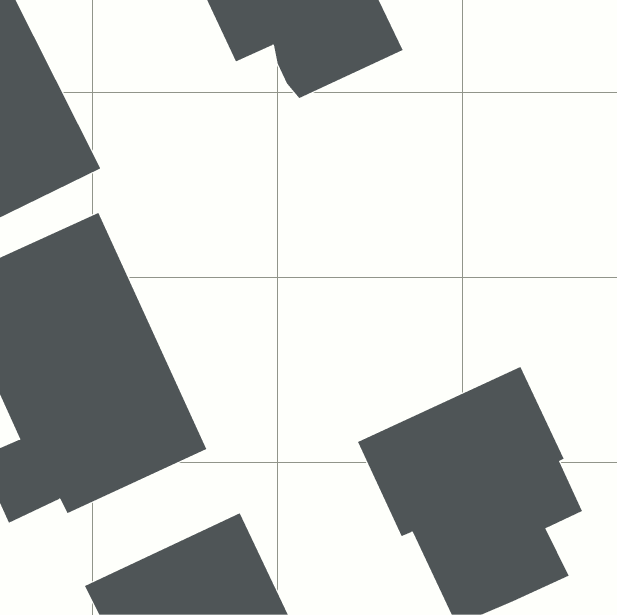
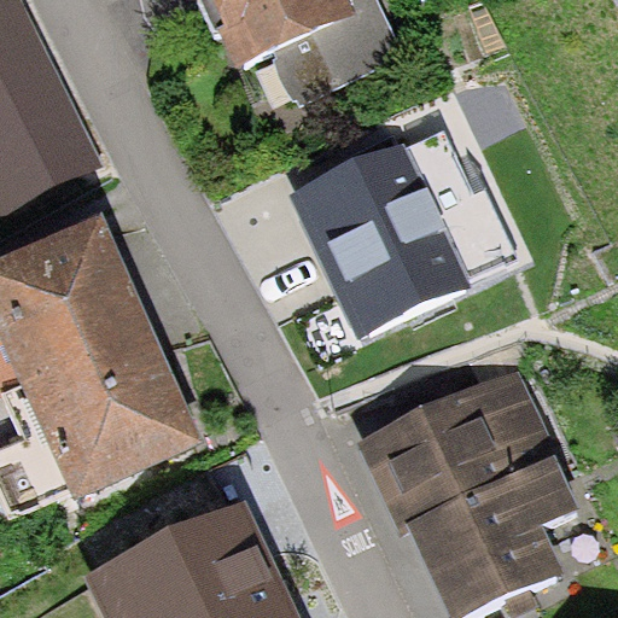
building: none -> [290,122,515,332]

